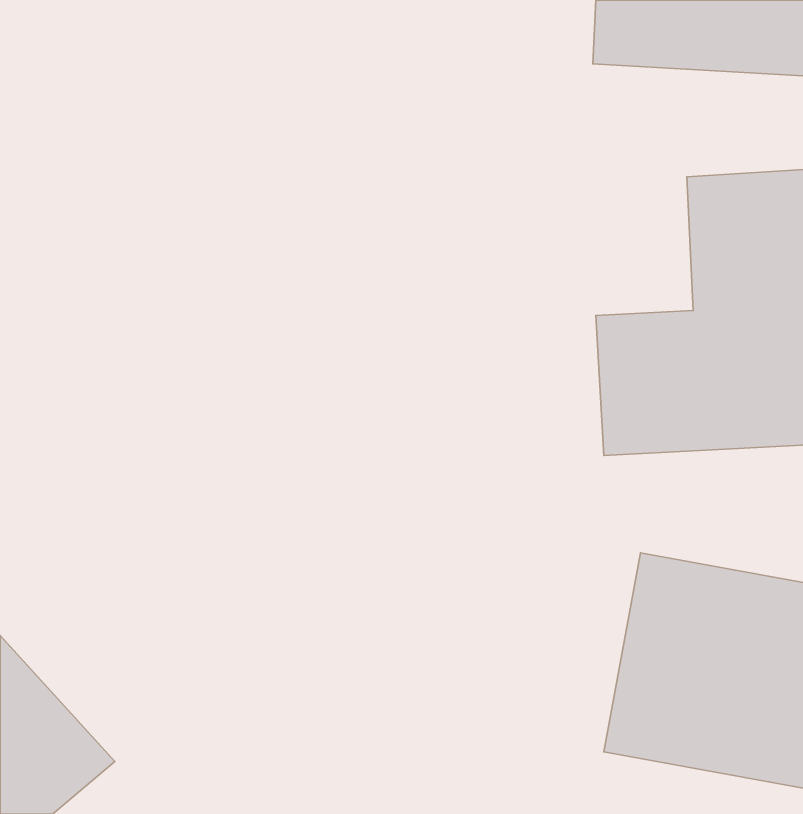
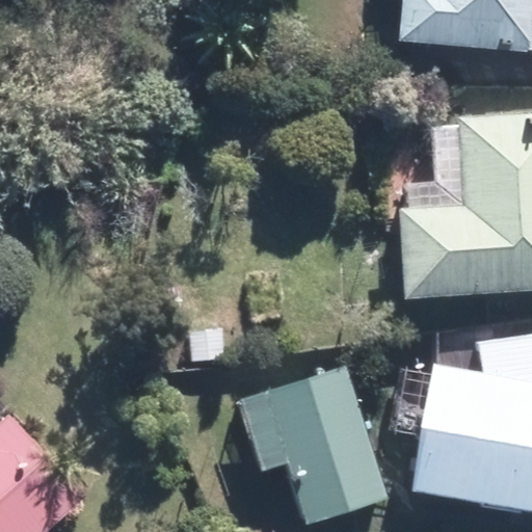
building: none -> [238,361,388,520]

